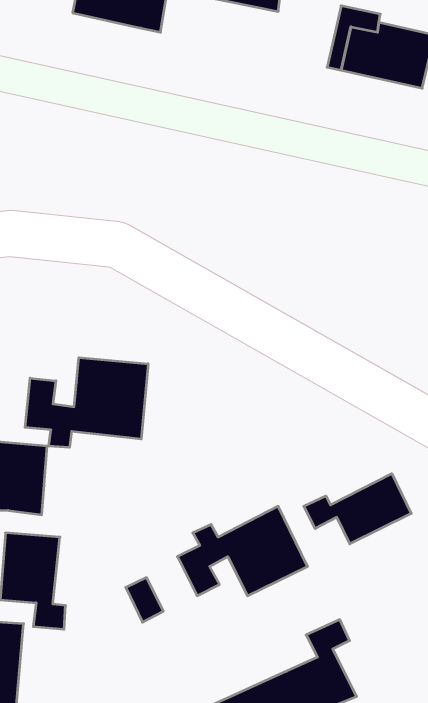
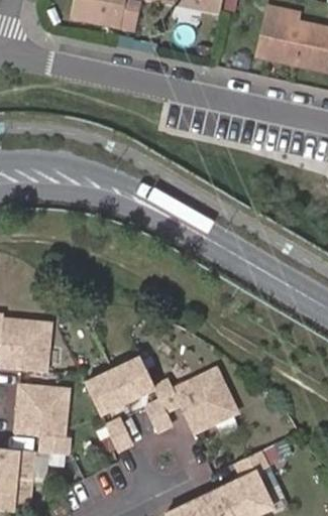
building: [25,358,148,447] -> none
building: [304,474,411,544] -> none
building: none -> [102,357,156,406]

